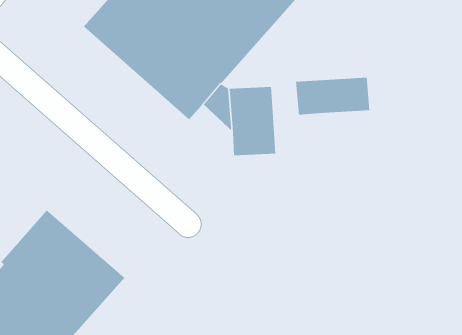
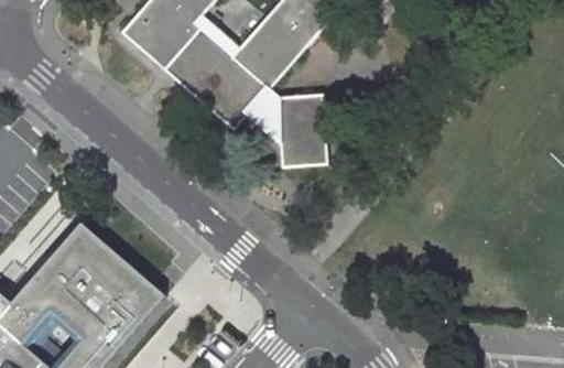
building: [296,77,370,115] -> none

